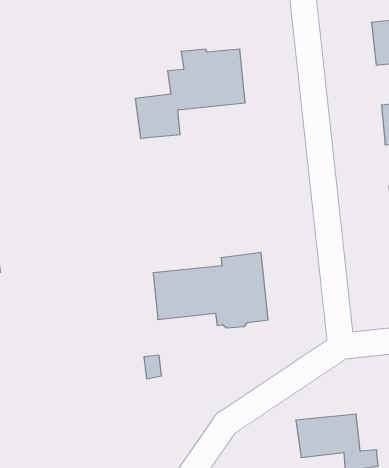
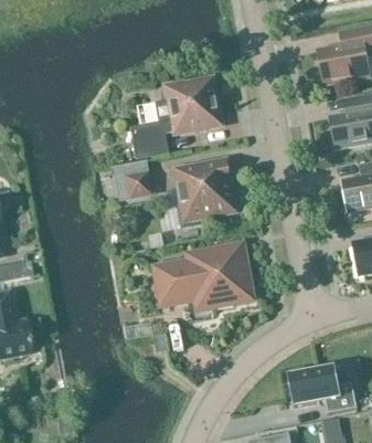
building: none -> [114,159,155,200]
building: none -> [177,158,237,224]

